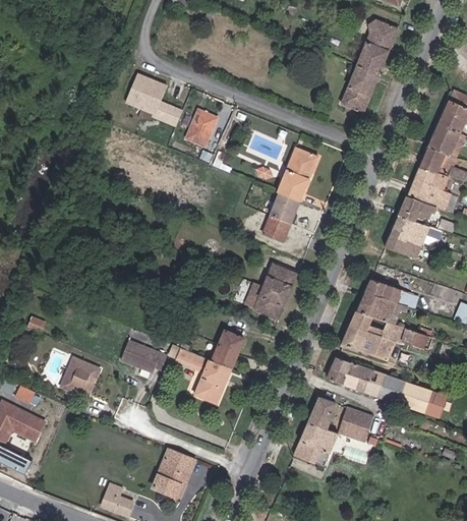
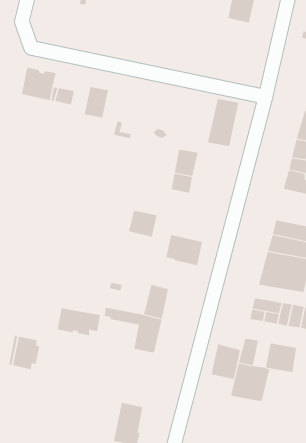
building: [339,59,376,107] -> none
building: [277,142,317,195] -> [207,98,239,146]
building: [265,258,298,290] -> [128,210,157,237]
building: none -> [211,343,241,380]

